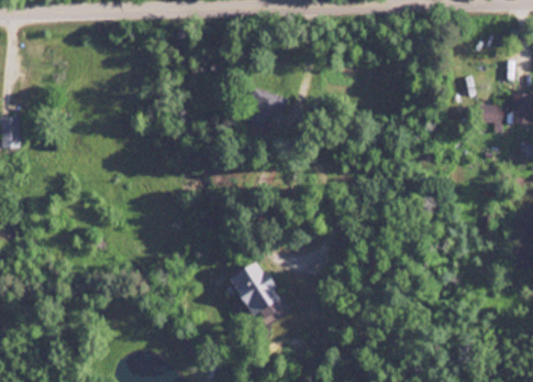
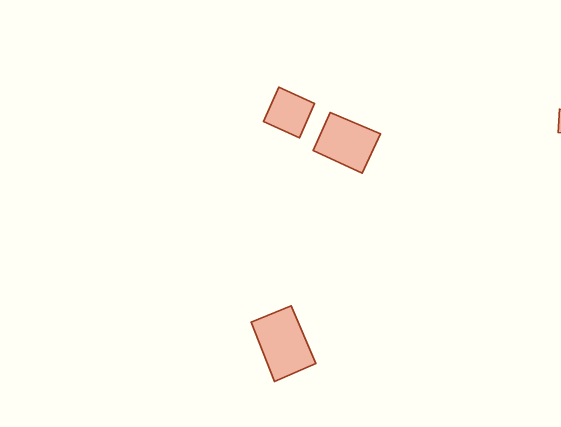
building: none -> [313,112,380,173]

